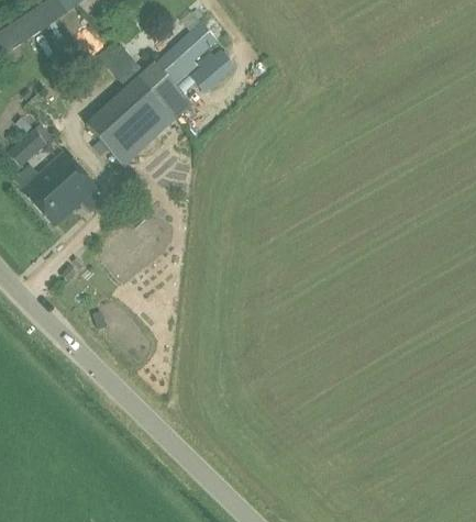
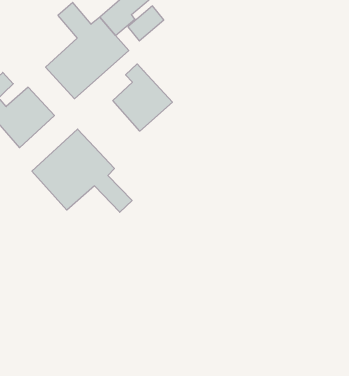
building: none -> [113,64,172,131]
building: none -> [32,129,132,212]

